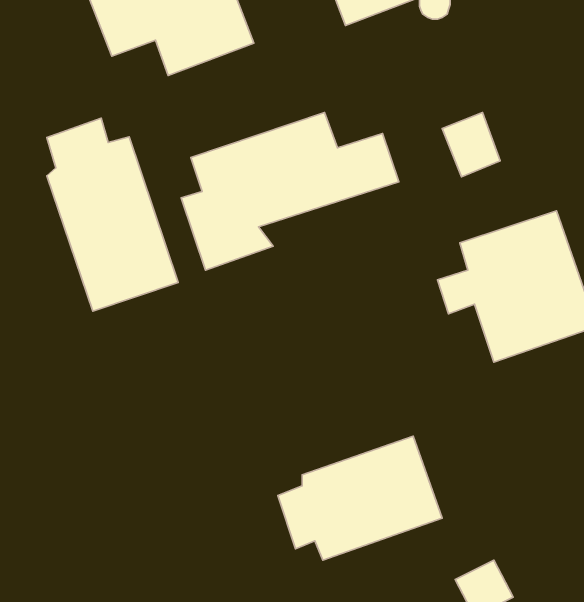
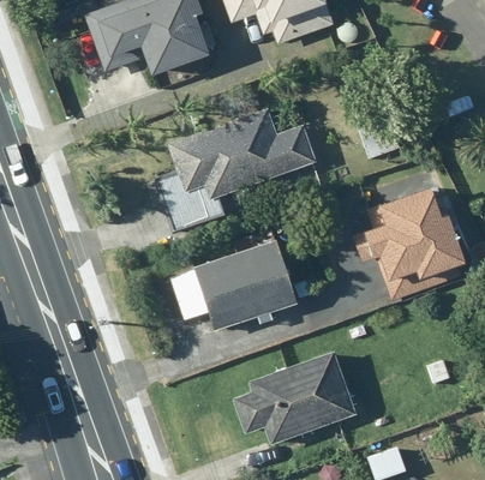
building: [47,118,178,311] -> none
building: none -> [170,240,300,329]

